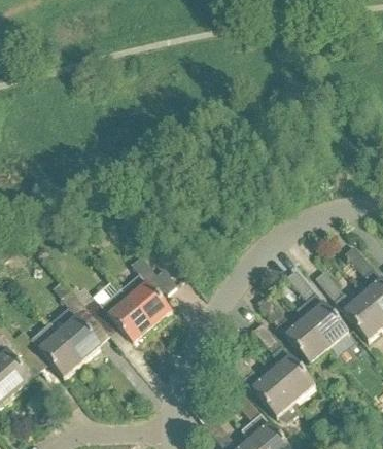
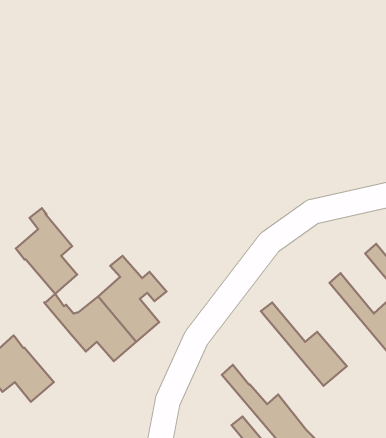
building: [285,269,348,347] -> none
building: [49,288,101,360] -> [16,208,77,294]
building: [252,321,314,401] -> none

